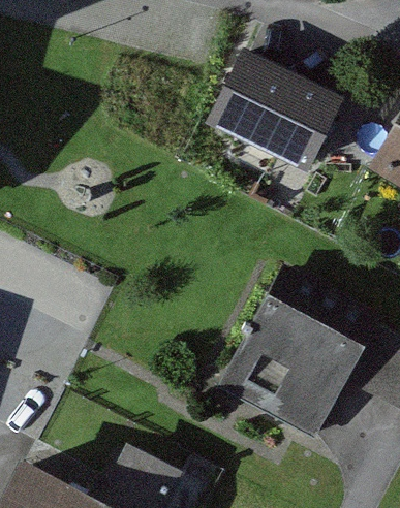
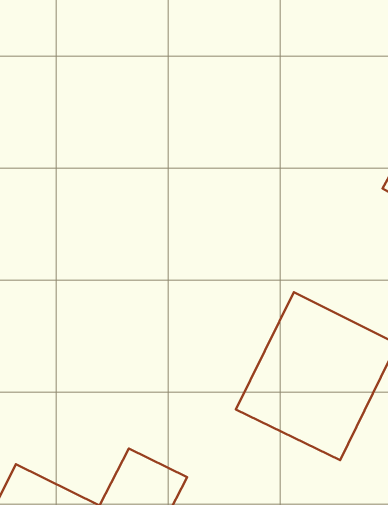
building: [207,31,347,185] -> none

